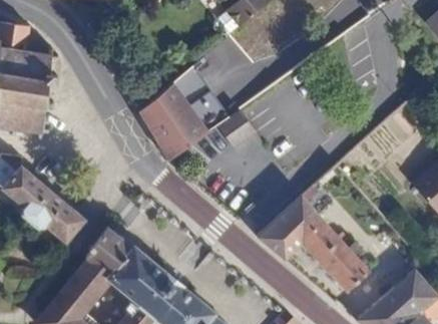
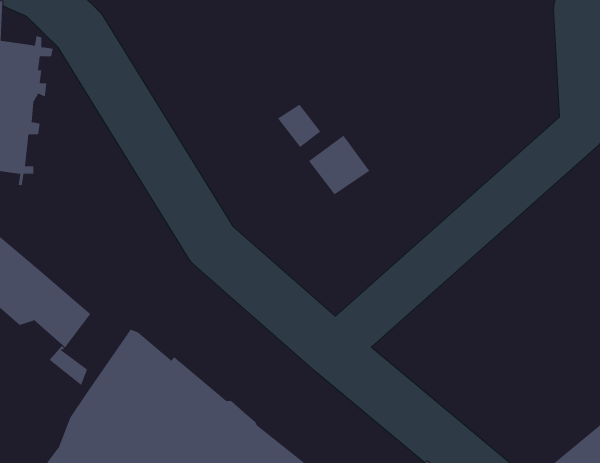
building: [139,80,209,158] -> none
building: [257,195,371,292] -> none

